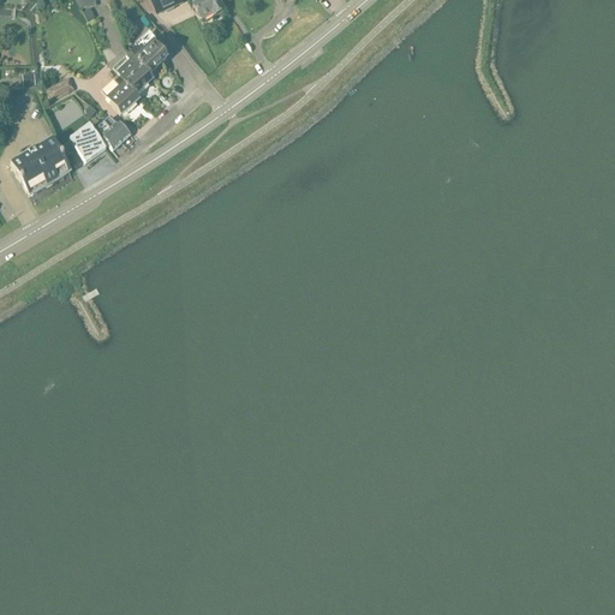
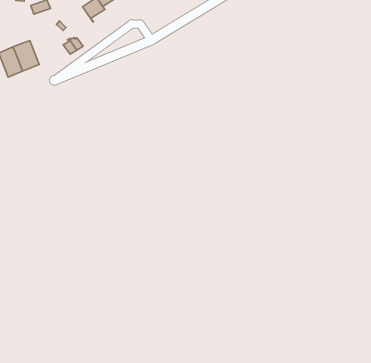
building: [106,78,138,111] -> none
building: [71,129,107,165] -> none

